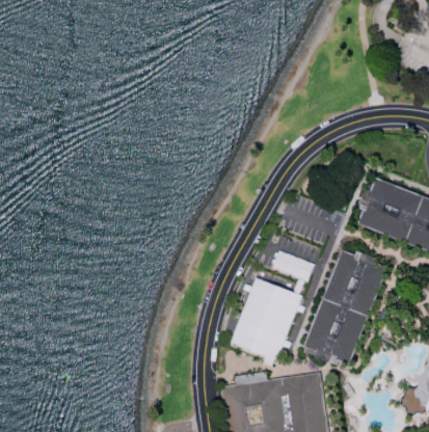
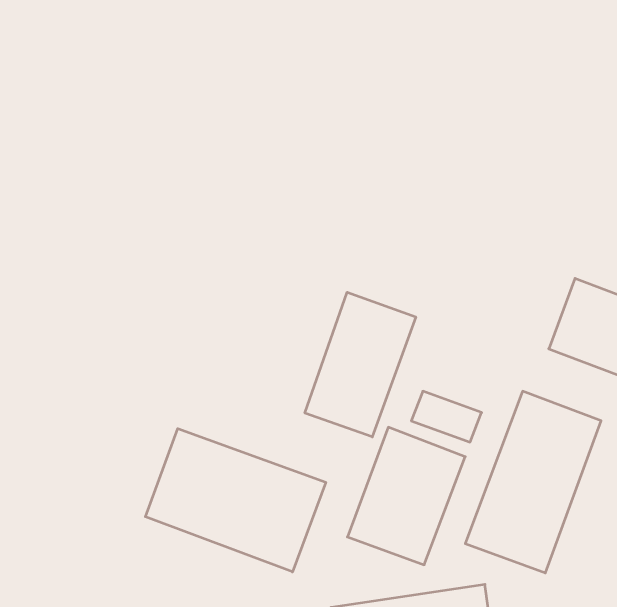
building: none -> [305,292,416,437]
building: none -> [145,429,326,572]

